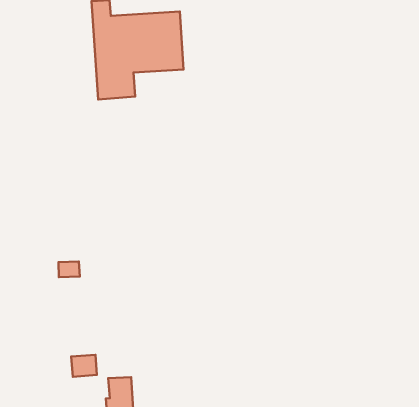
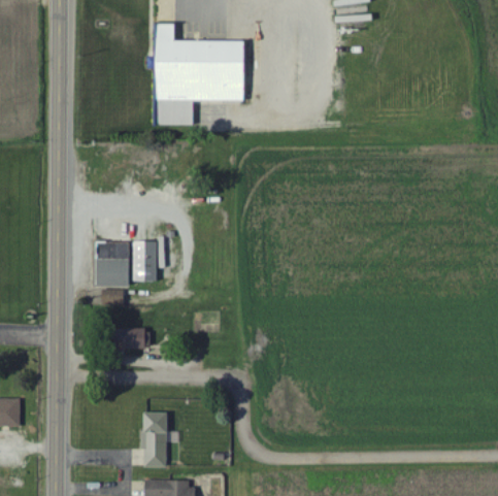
building: none -> [96,239,163,286]
building: [71,355,97,377] -> [120,328,144,349]

